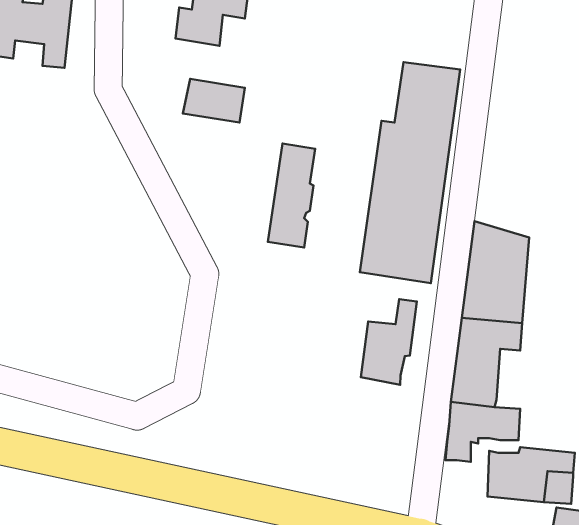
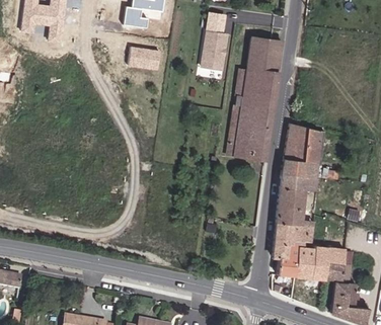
building: [268,143,315,247] -> [201,11,227,69]
building: [361,299,417,385] -> none
building: none -> [279,244,298,276]

